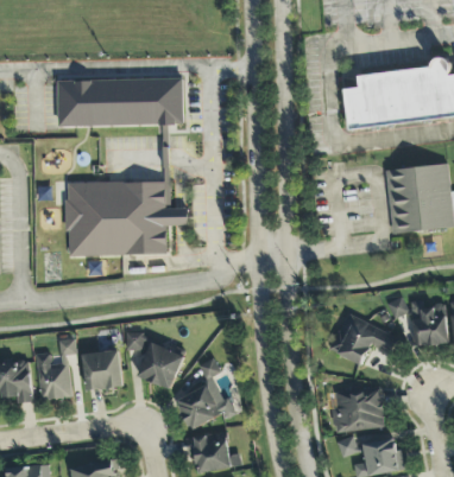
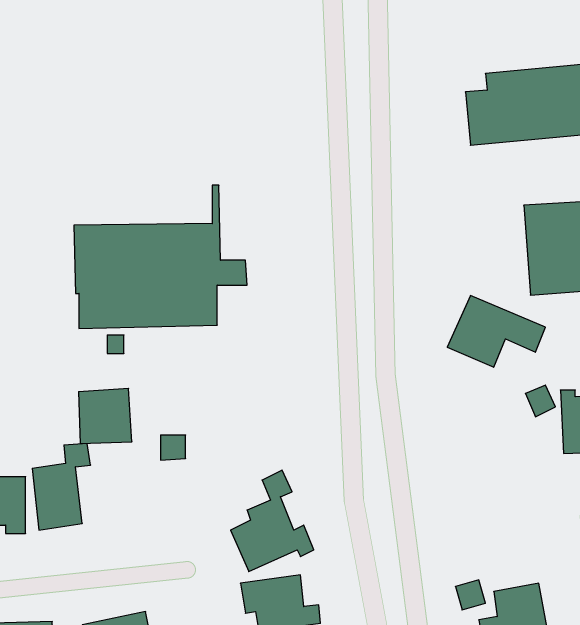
building: [57,78,183,127] -> none
building: [328,313,398,364] -> [447,296,545,367]
building: [137,342,184,389] -> none
building: [83,350,121,389] -> [79,388,132,443]
building: [332,388,383,431] -> none

